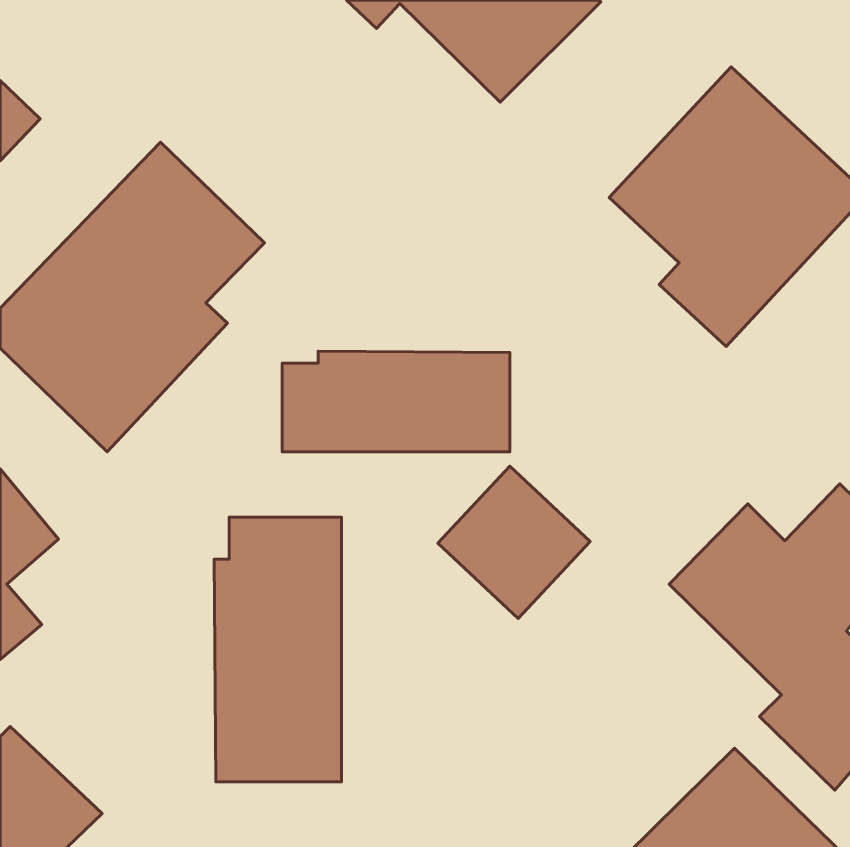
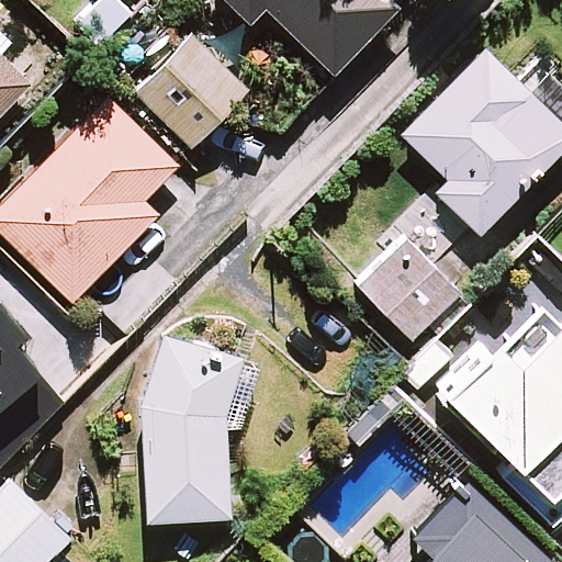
building: none -> [132,31,248,147]
building: [282,351,510,452] -> none
building: [438,466,590,619] -> [360,239,460,339]

